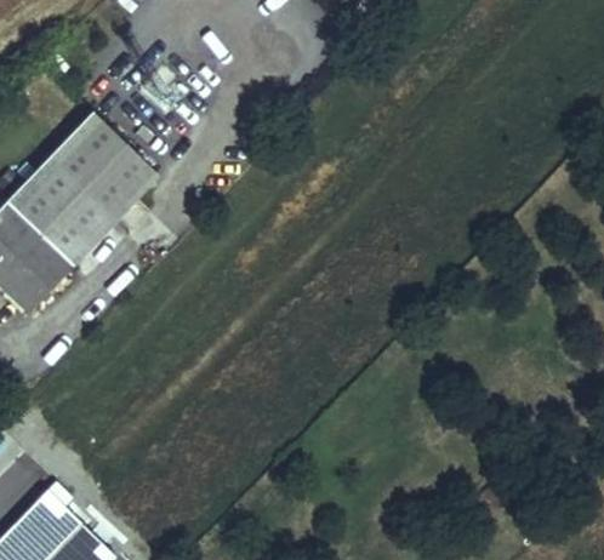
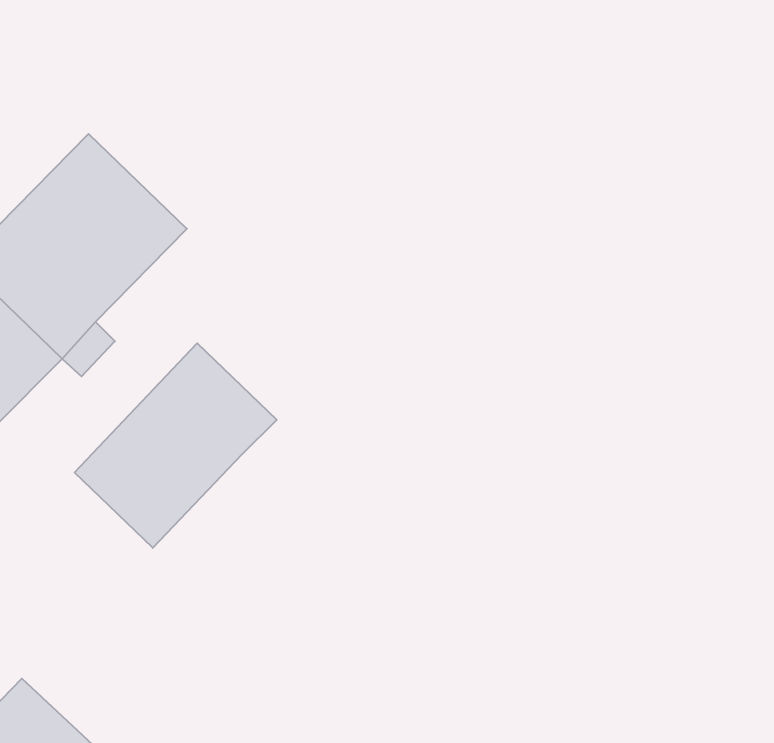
building: none -> [75,343,277,548]

